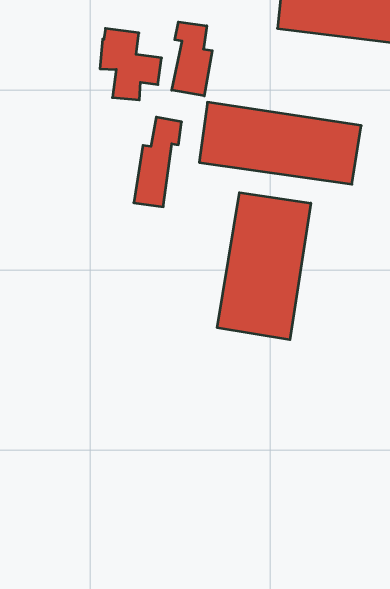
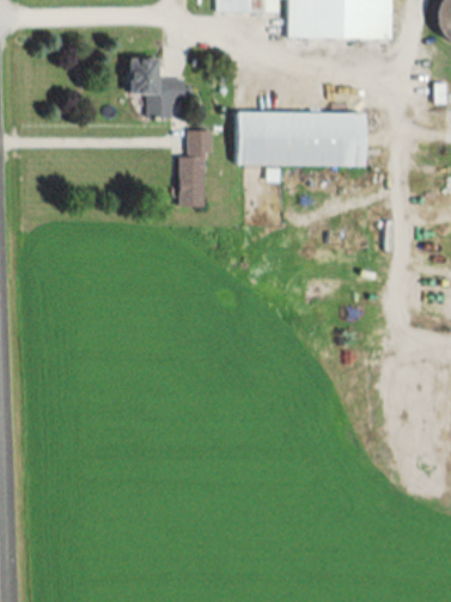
building: [172,22,212,96] -> none
building: [217,193,311,340] -> none

